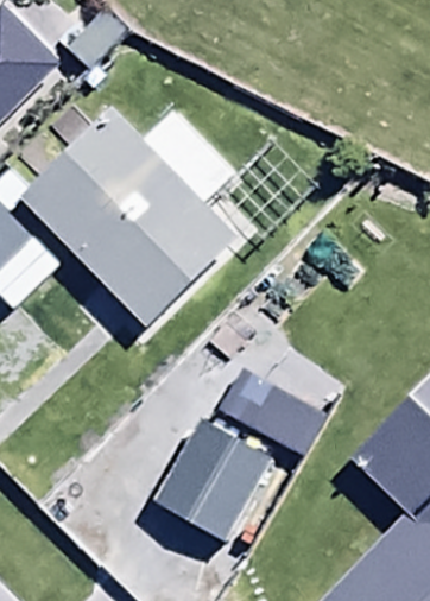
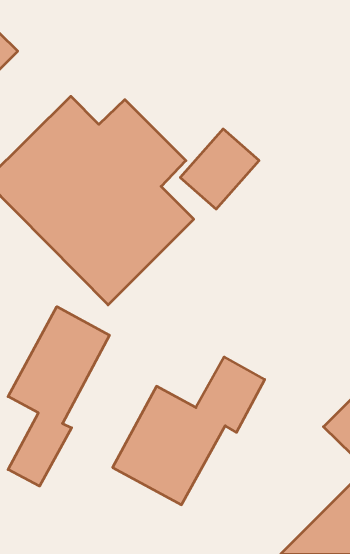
building: none -> [8,307,109,486]

